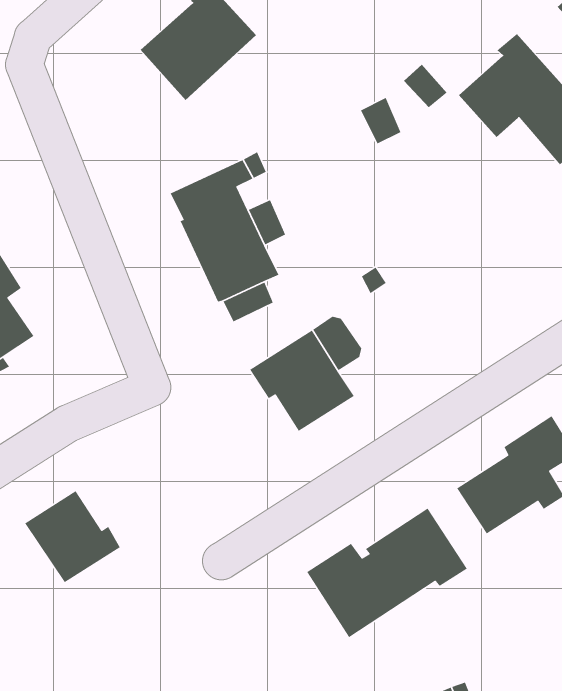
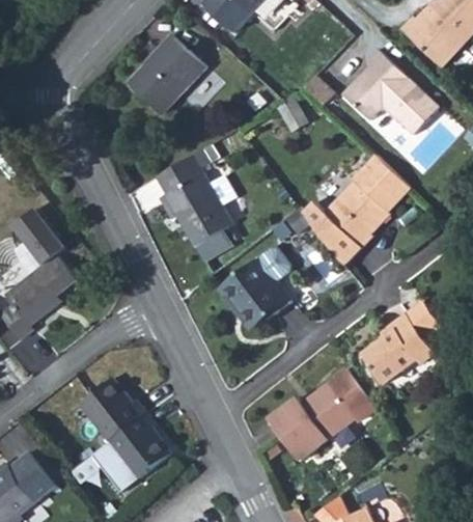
building: none -> [302,155,409,266]
building: none -> [89,414,168,493]

